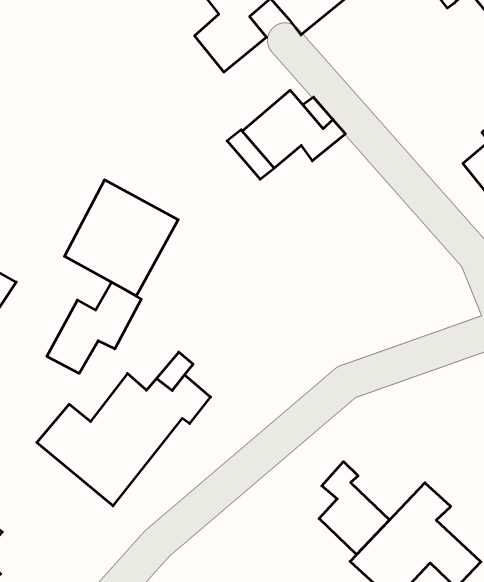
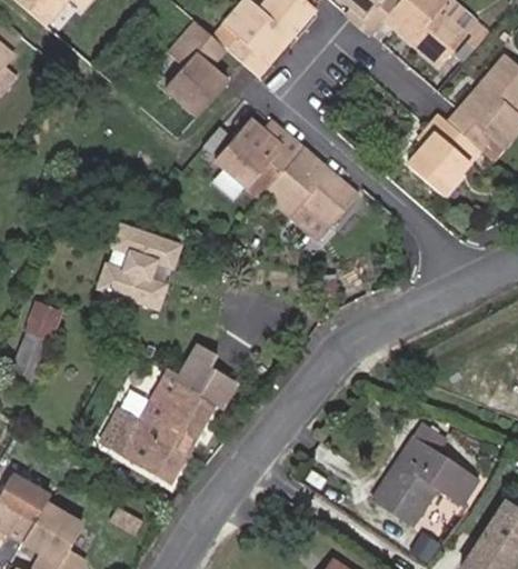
building: none -> [269,150,362,241]
building: [47,282,141,373] -> none
building: [319,462,390,555] -> none

